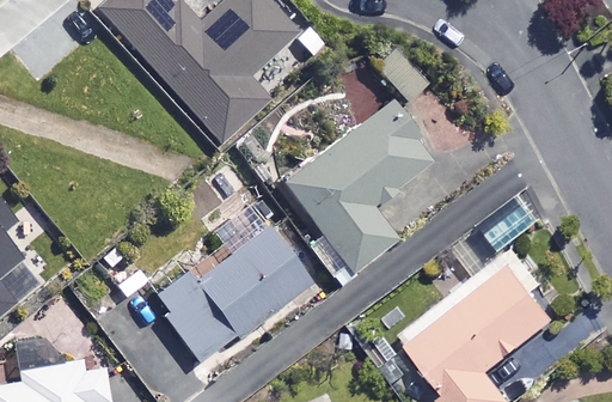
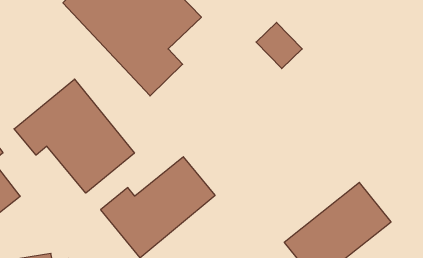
building: [284,103,435,270] -> none
building: none -> [14,79,134,193]

